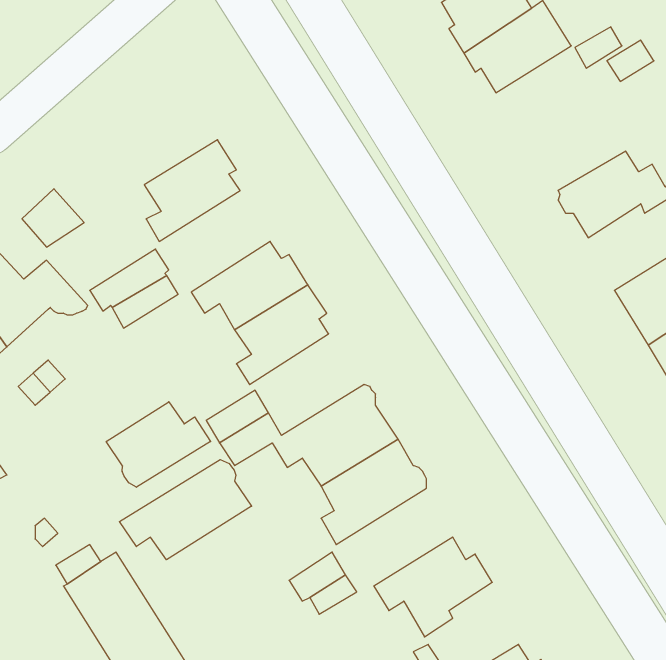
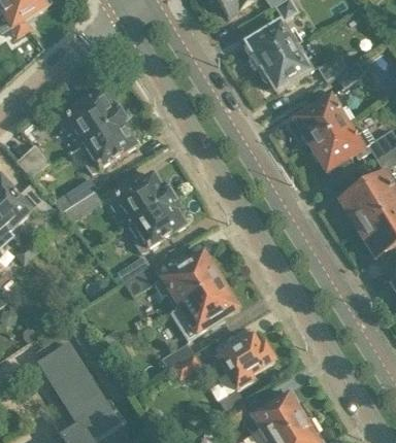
building: none -> [60,90,124,141]
building: none -> [295,92,348,144]
building: [106,402,211,487] -> none
building: [119,460,252,560] -> none

